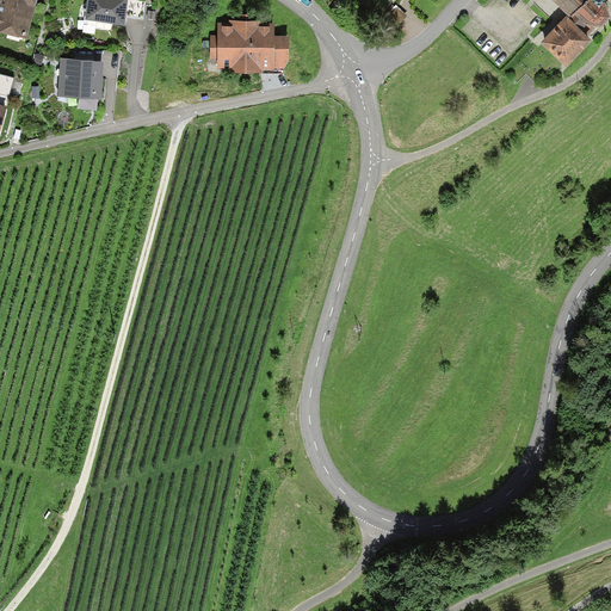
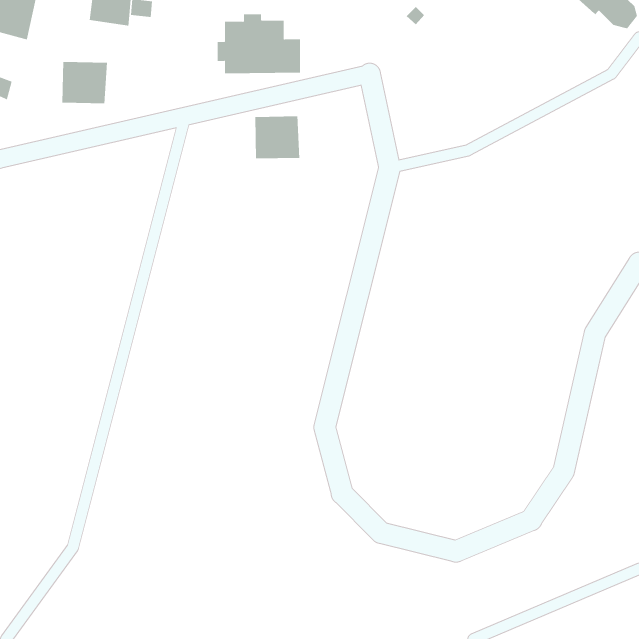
building: [538,11,592,66] -> none
building: none -> [255,116,300,159]

